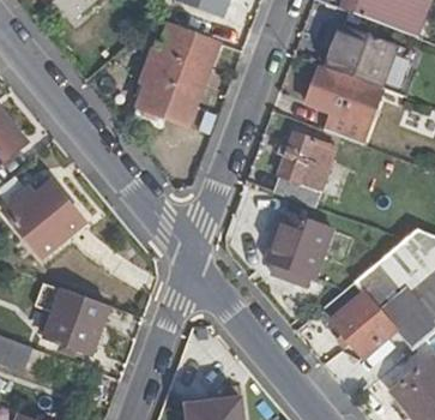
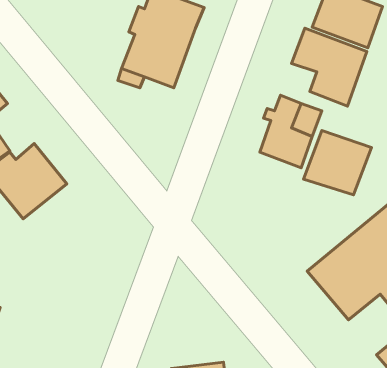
building: [265,212,332,276] -> [304,130,372,195]
building: [43,287,107,352] -> none

